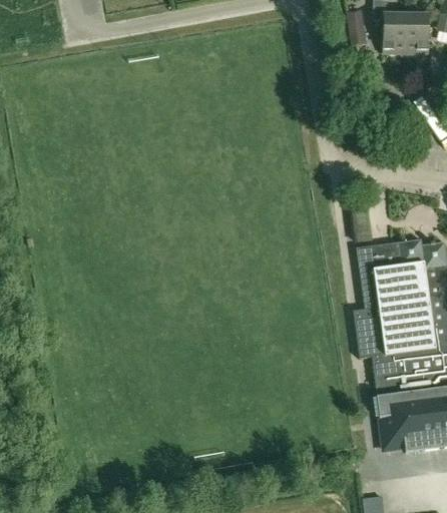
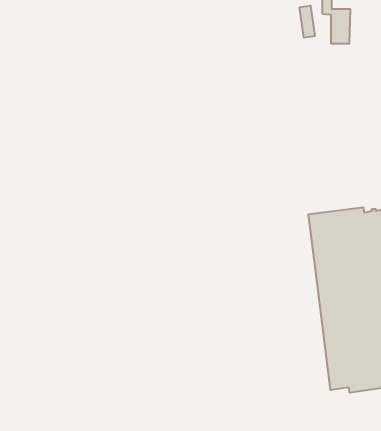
building: [406,14,429,53] -> none

